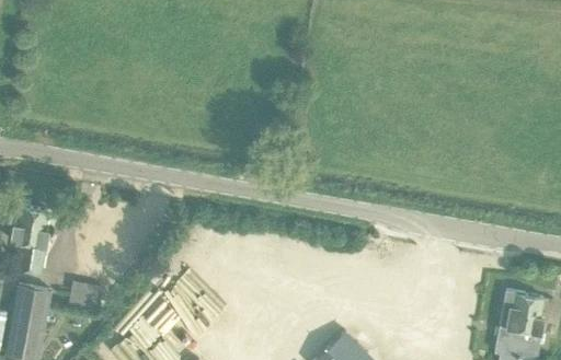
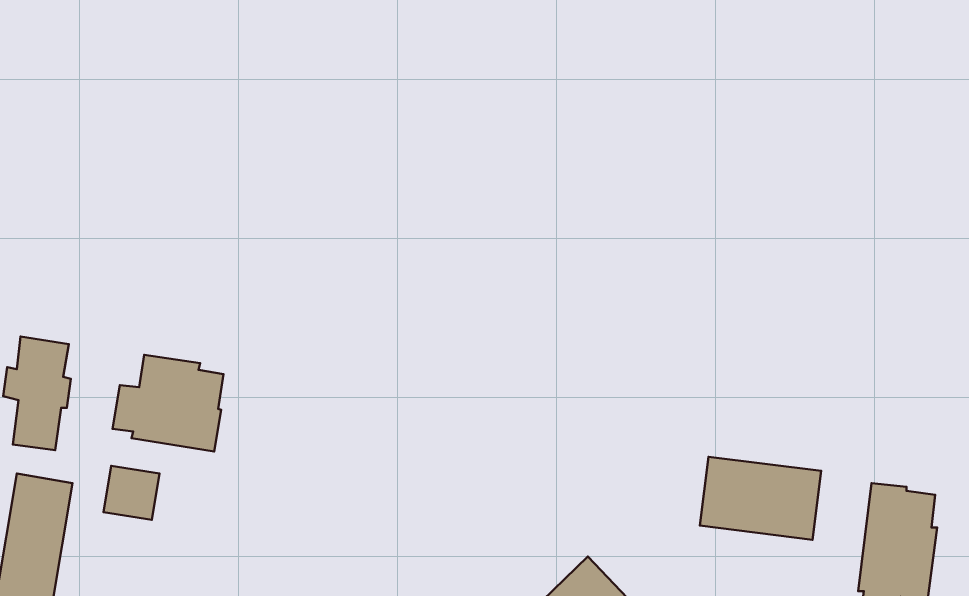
building: none -> [112,355,224,451]
building: none -> [700,457,821,540]

